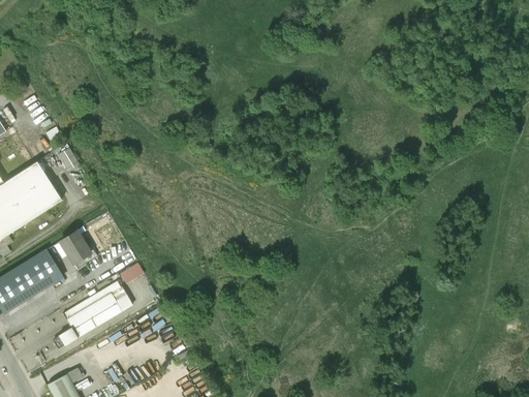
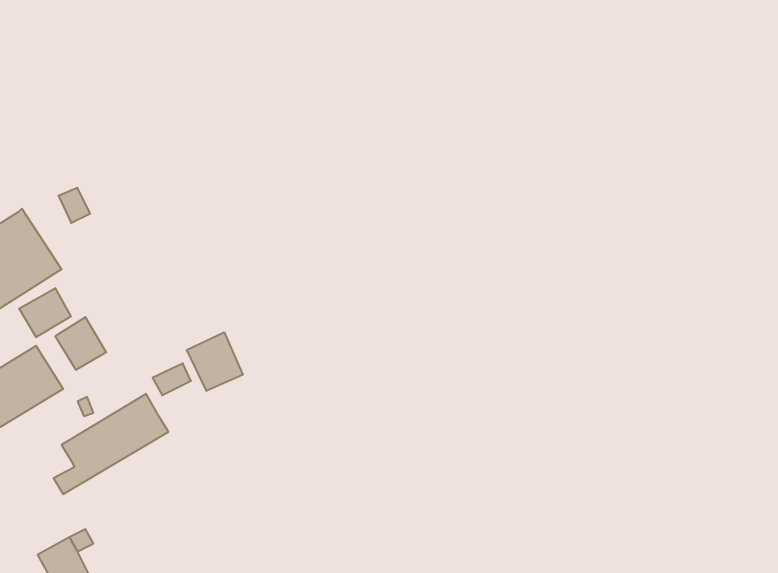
building: none -> [19,288,71,337]
building: none -> [187,332,243,391]

